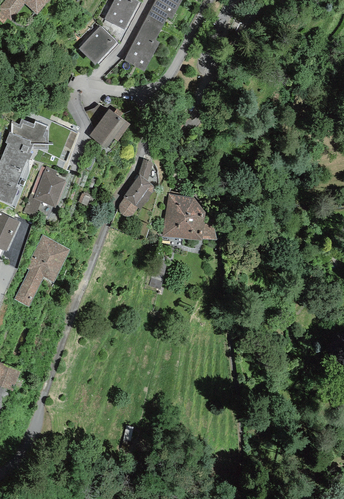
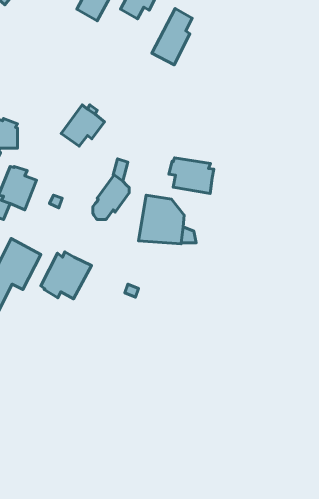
building: [123,18,161,71] -> [152,8,192,65]
building: [78,25,117,64] -> none
building: none -> [169,158,214,194]
building: none -> [41,252,91,299]

